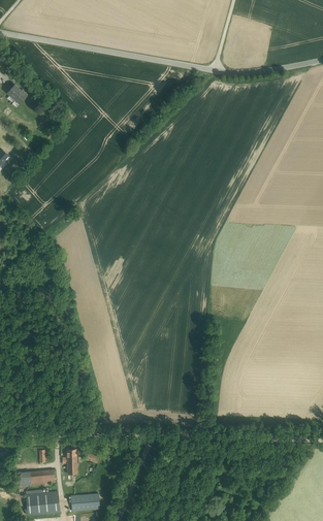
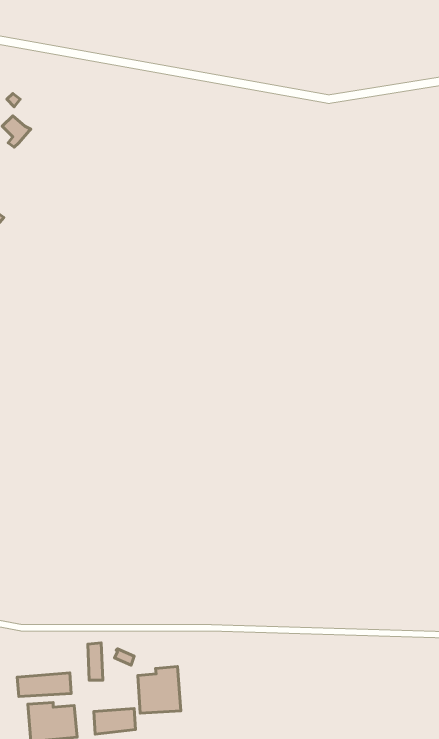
building: none -> [138,666,181,713]

